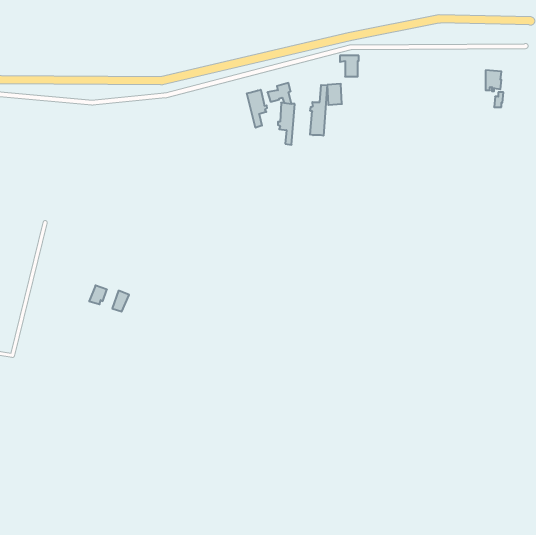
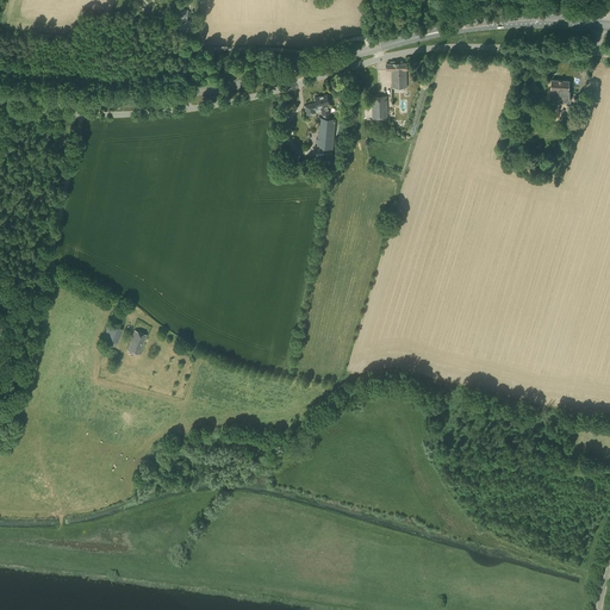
building: [310,85,327,136] -> none
building: [247,90,267,128] -> none

